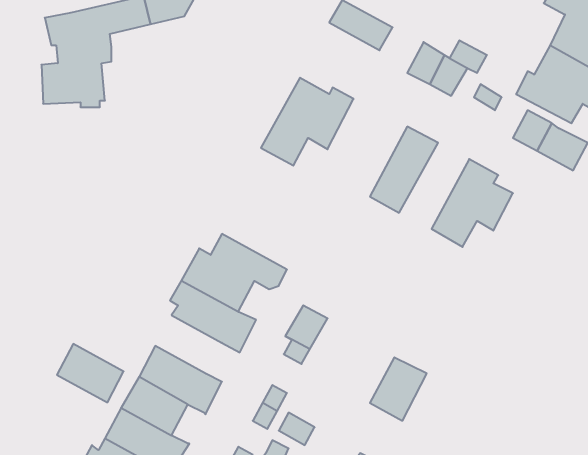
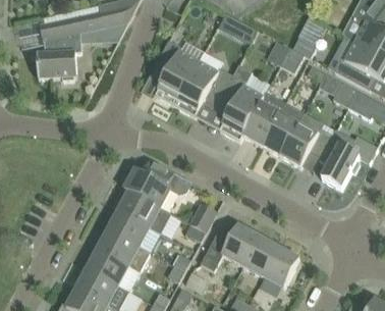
building: none -> [150,40,199,105]
building: none -> [216,64,266,141]
building: none -> [261,102,305,156]
building: none -> [319,128,360,189]
building: none -> [201,225,258,270]
building: [57,344,124,402] -> [108,210,150,247]
building: none -> [263,247,299,288]

